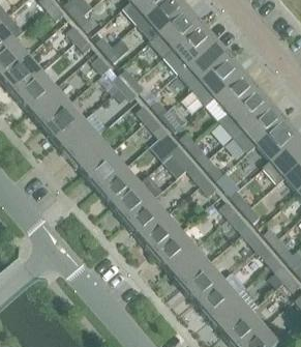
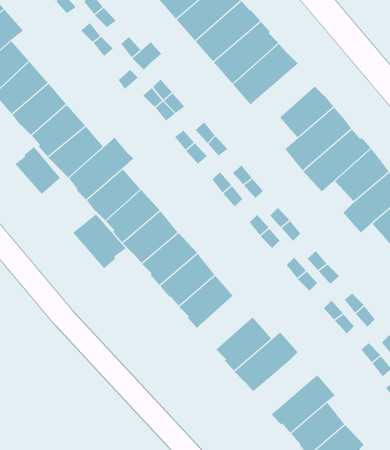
building: [193,56,242,103] -> none
building: none -> [14,146,61,195]
building: none -> [72,214,127,269]
building: [153,230,195,270] -> none
building: [195,272,244,319] -> none

